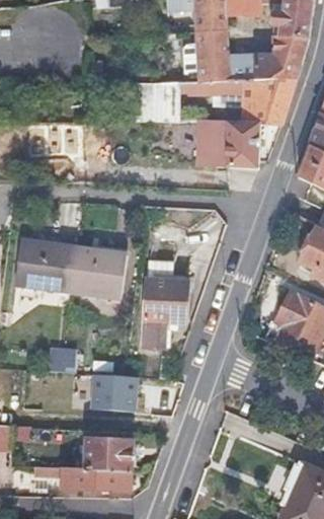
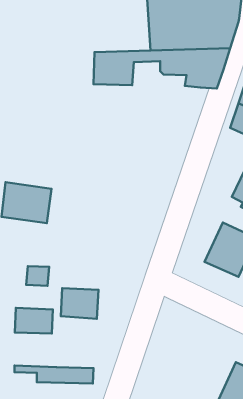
building: [202,120,262,167] -> none
building: [73,249,130,299] -> none
building: [145,282,186,351] -> none
building: [85,439,132,470] -> [15,308,53,333]

